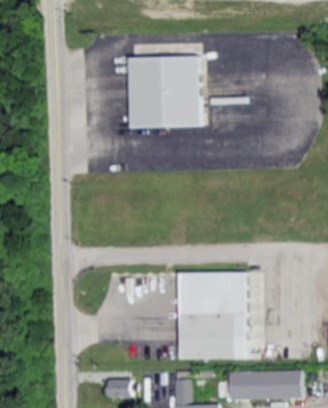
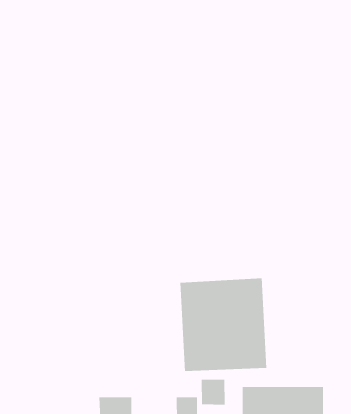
building: [126,56,198,128] -> none
building: none -> [201,379,225,406]

